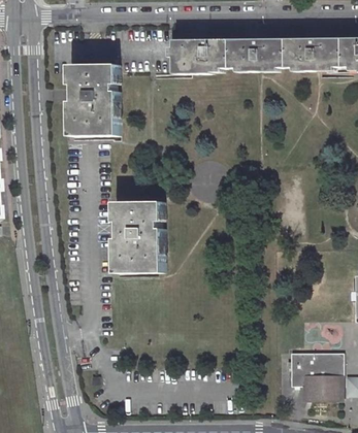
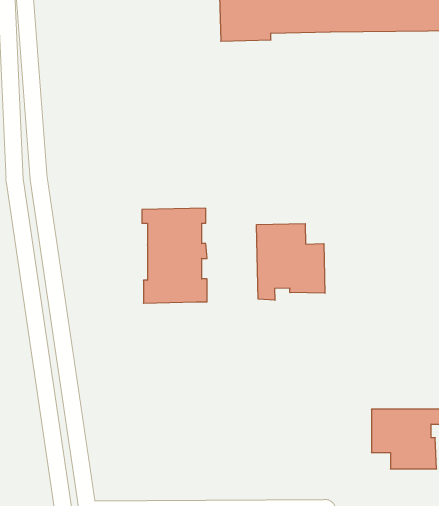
building: [71,64,121,136] -> none
building: none -> [257,224,325,300]

